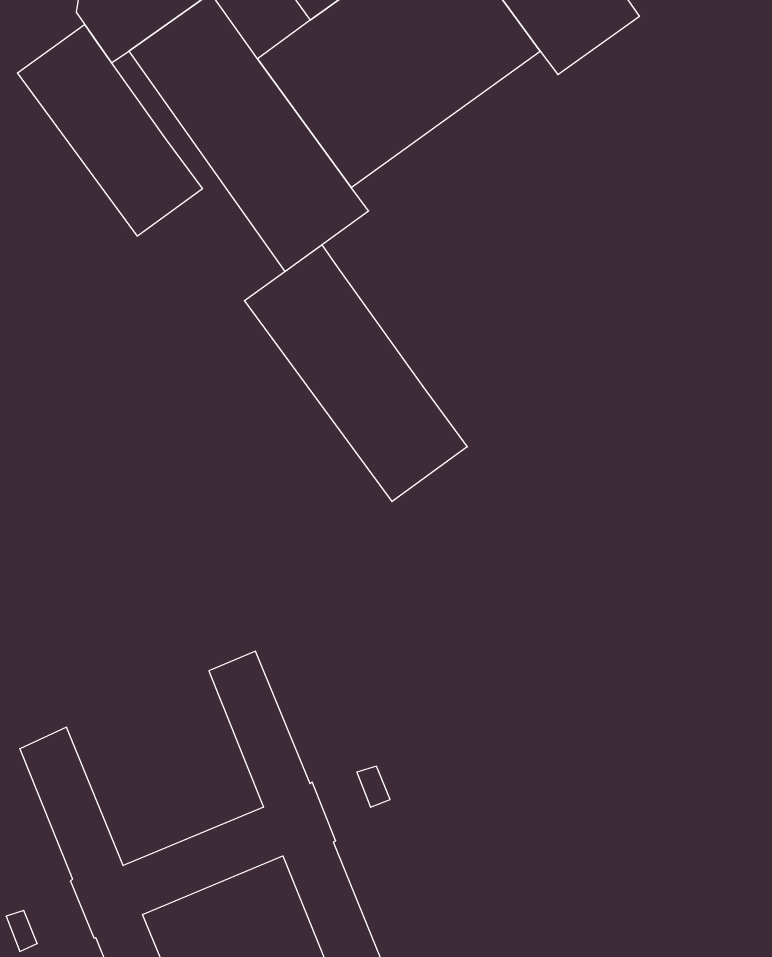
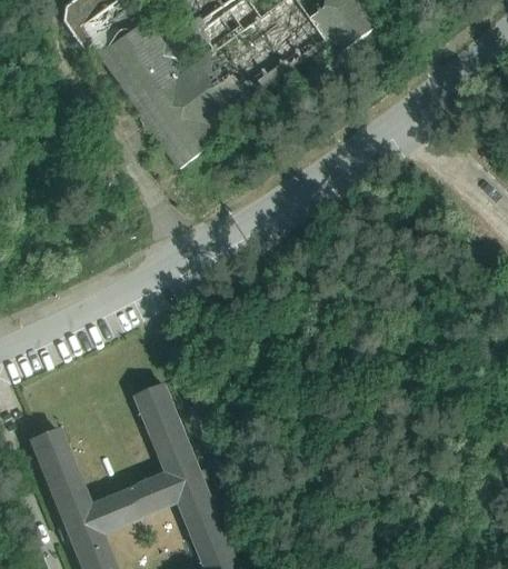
building: [17,25,202,236] -> none
building: [244,245,467,502] -> none

